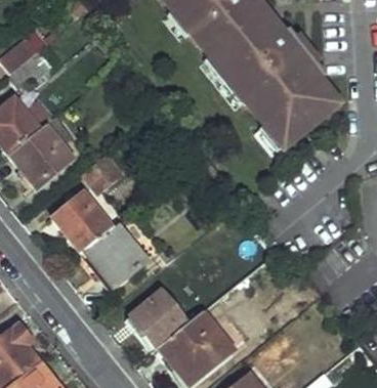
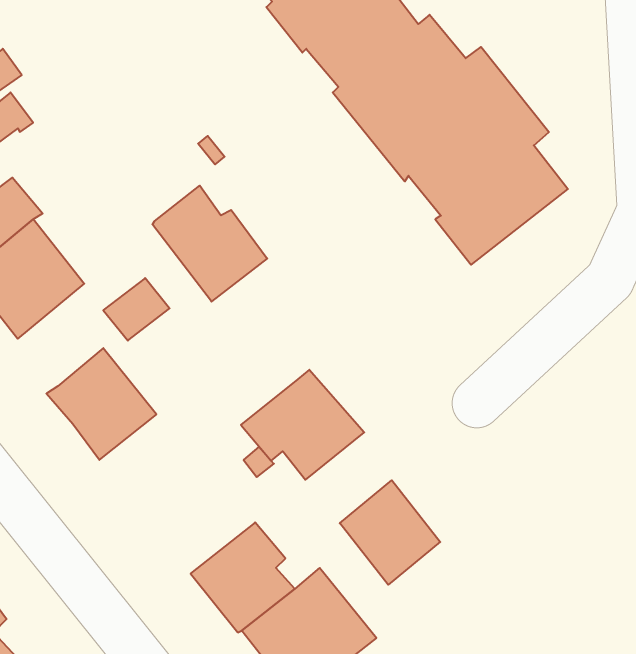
building: none -> [152,186,267,302]
building: [82,223,149,283] -> [241,370,364,480]
building: none -> [340,480,440,585]

